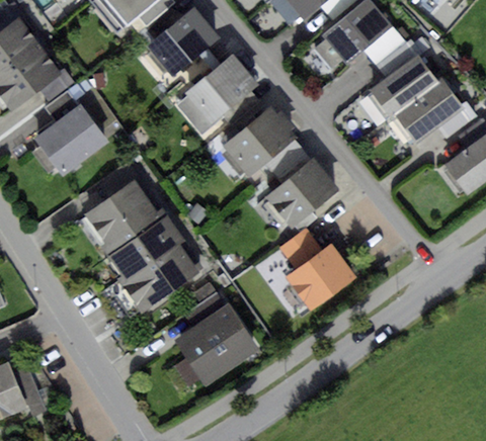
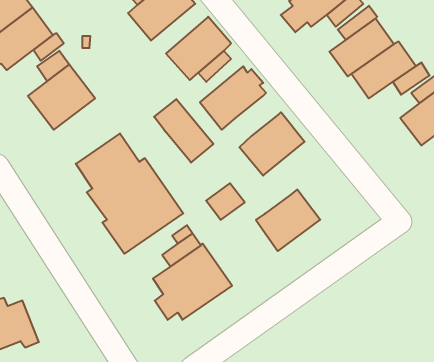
building: [262,140,310,184] -> none
building: none -> [154,99,213,163]
building: [278,229,321,269] -> [206,183,245,220]

